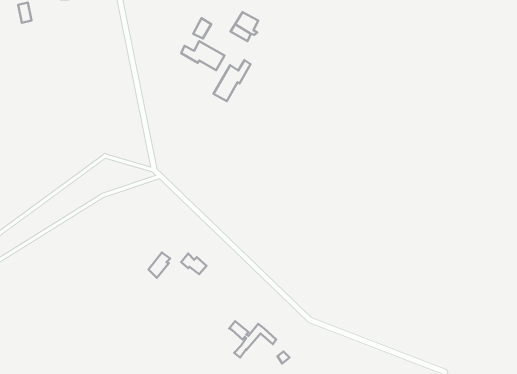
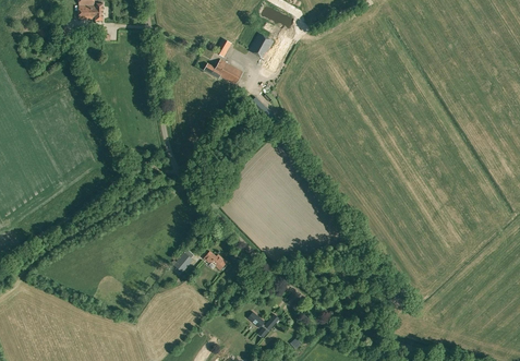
building: [214,60,251,101] -> none

